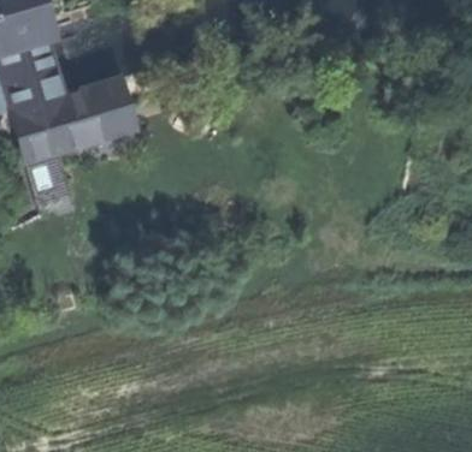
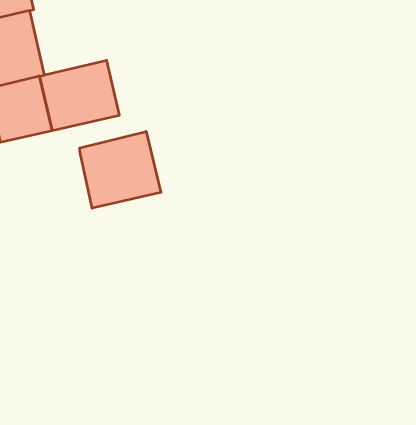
building: none -> [80,131,161,208]

